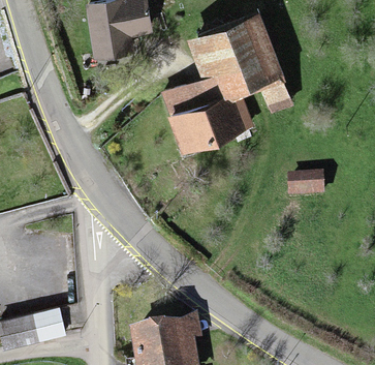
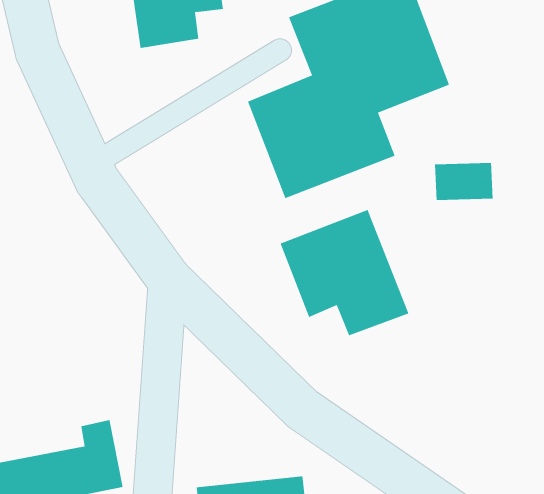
building: none -> [280,209,409,336]
building: [287,176,324,200] -> [434,162,494,200]

